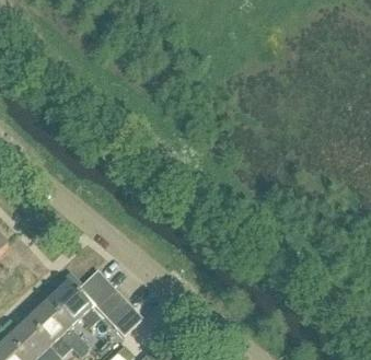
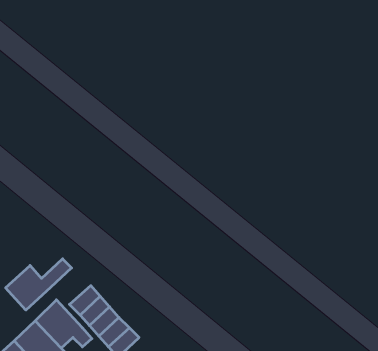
building: none -> [6,259,72,310]

